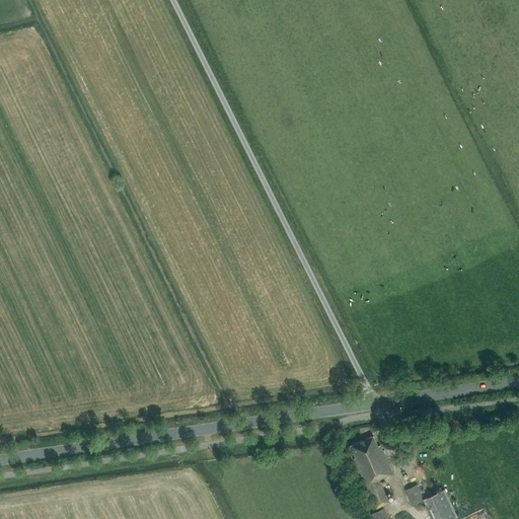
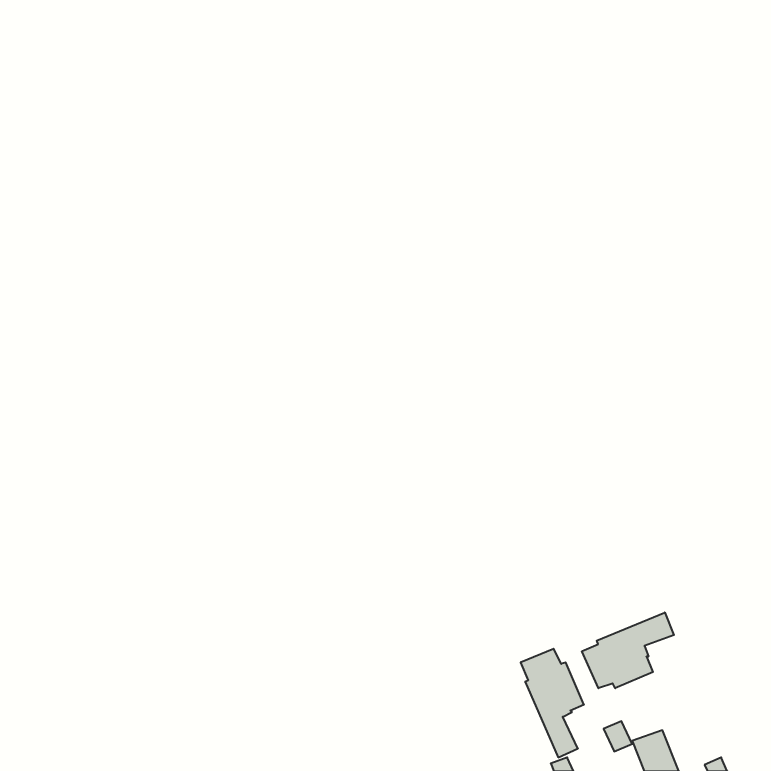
building: none -> [582,612,674,688]

